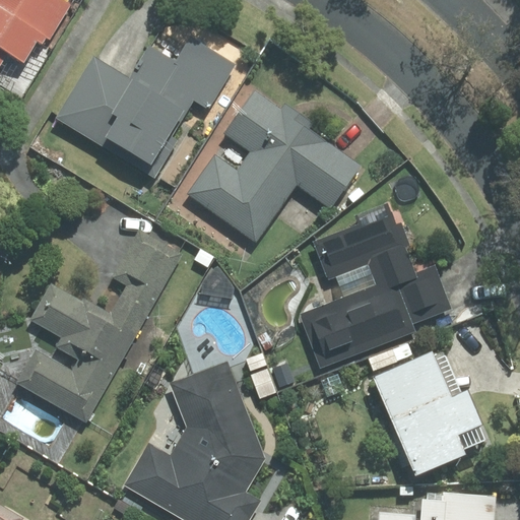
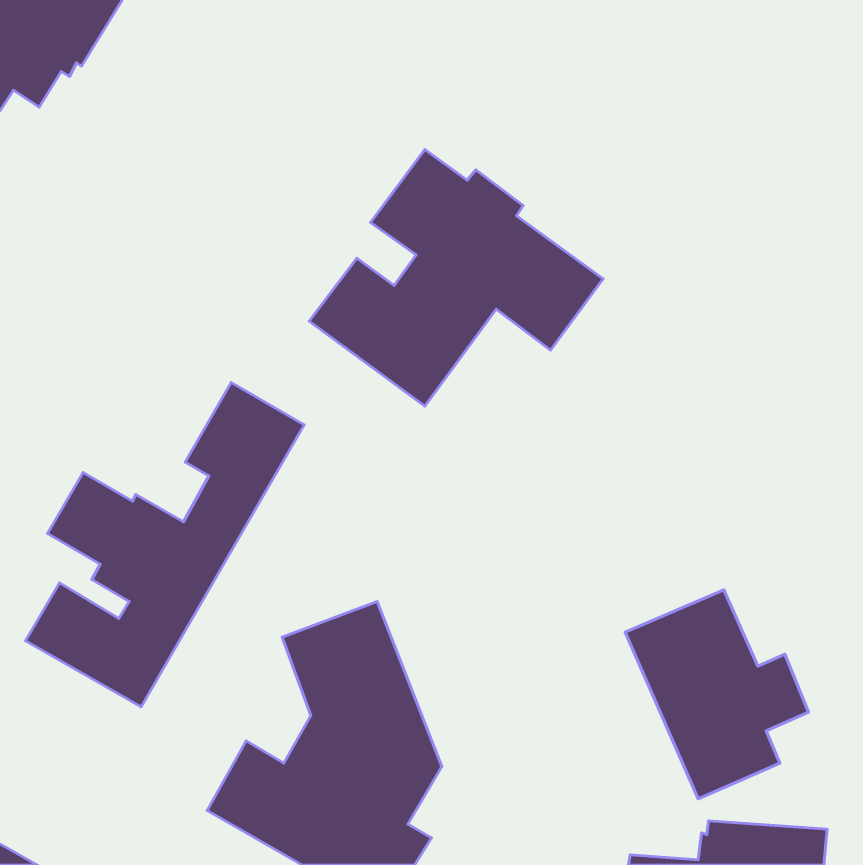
building: [55,37,236,179] -> none
building: [300,201,450,368] -> none

